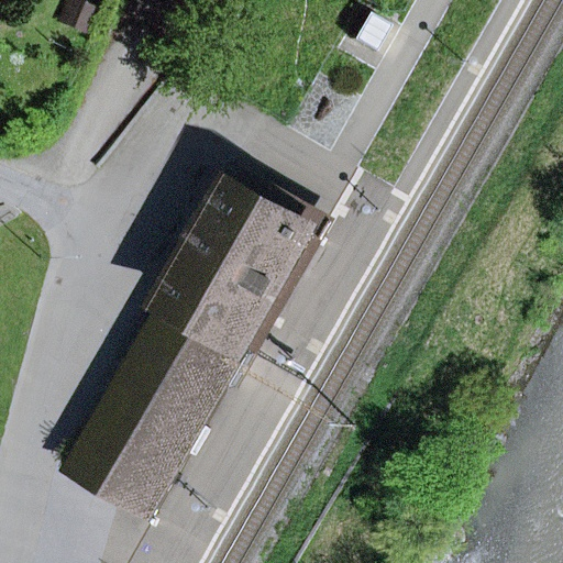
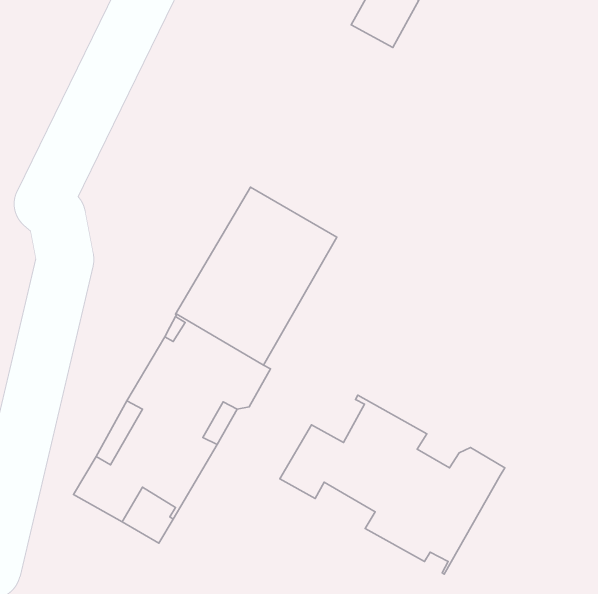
building: none -> [280,395,505,574]

